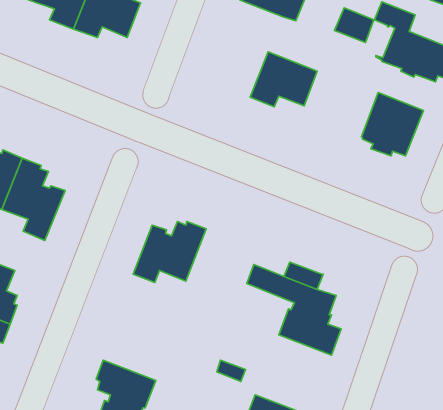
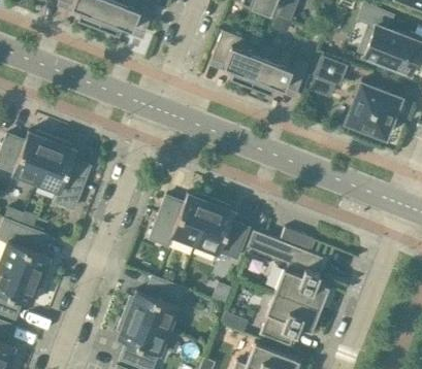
building: [334,8,374,42] -> [315,57,349,87]
building: none -> [212,32,266,88]
building: none -> [195,201,249,261]
building: none -> [124,278,184,332]
building: none -> [261,293,321,347]

